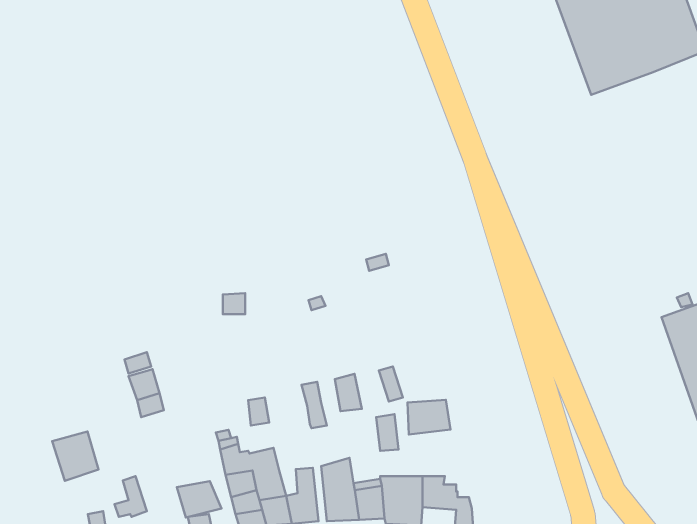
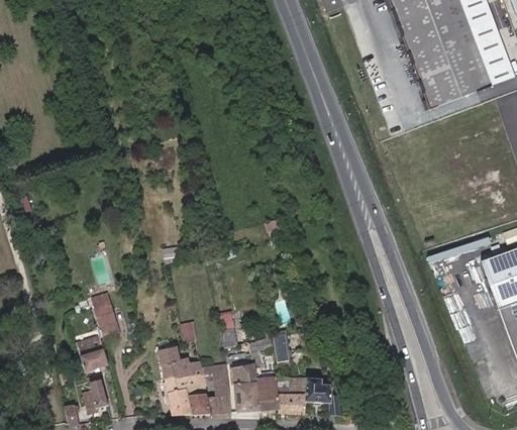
building: [335,374,362,411] -> none
building: [407,400,450,435] -> none
building: [52,431,99,481] -> [77,336,110,371]
building: [177,481,221,517] -> none

